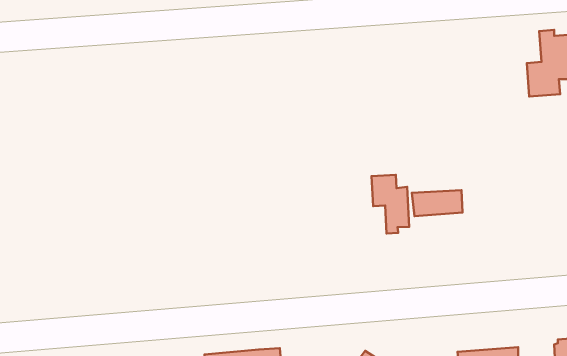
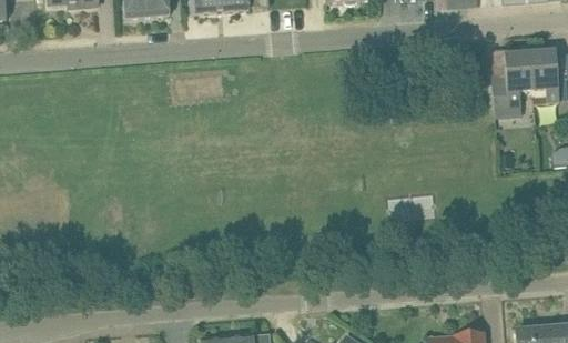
building: [372,175,409,233] -> none

